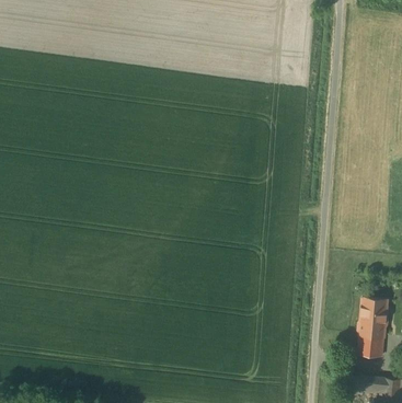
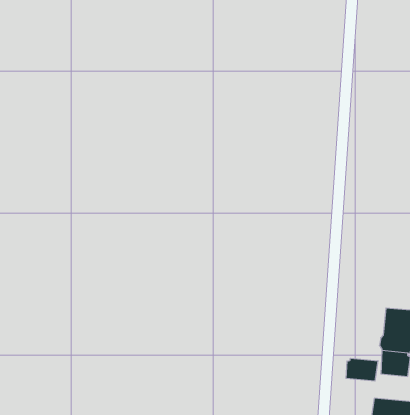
building: none -> [346,358,378,381]

